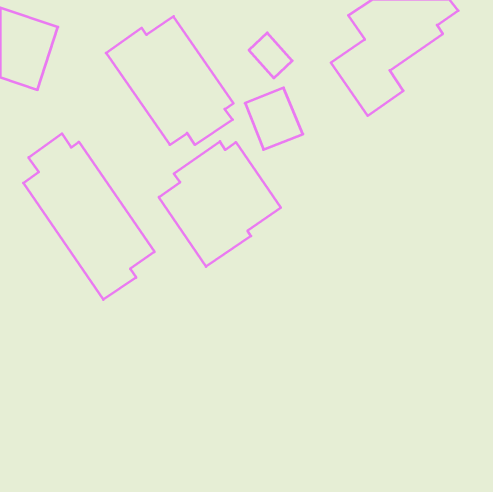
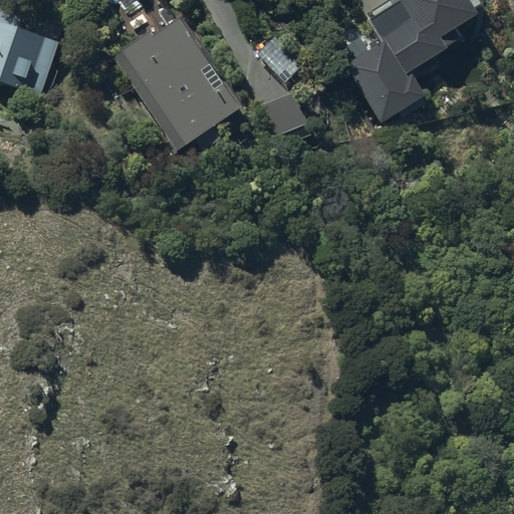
building: [23,134,154,300] -> none
building: [159,141,281,267] -> none

